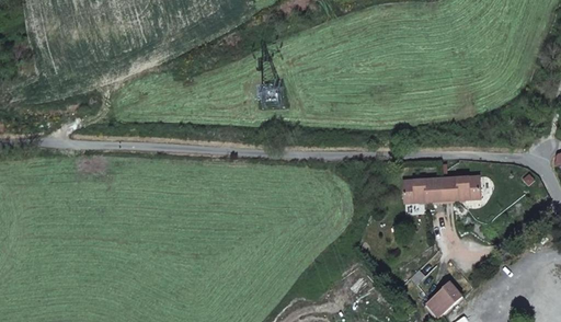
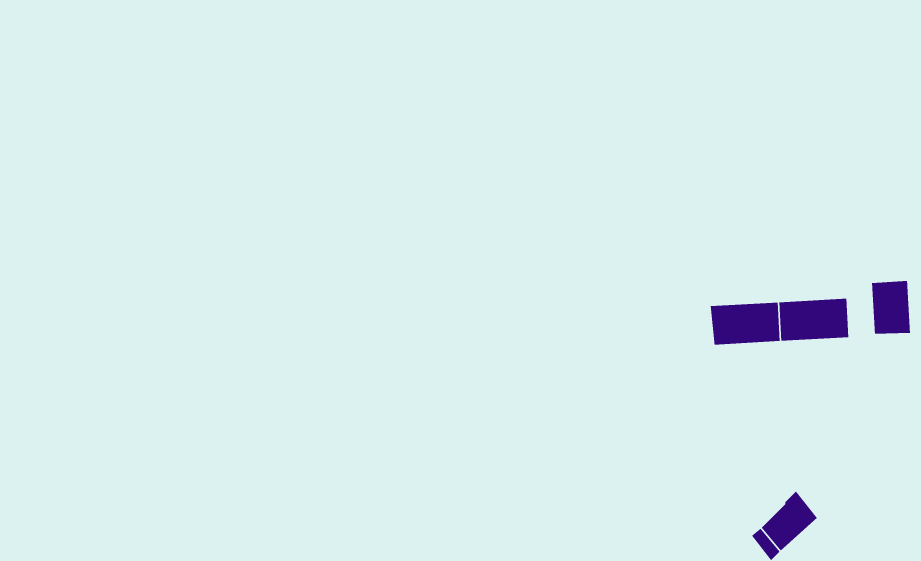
building: none -> [871,280,911,334]

